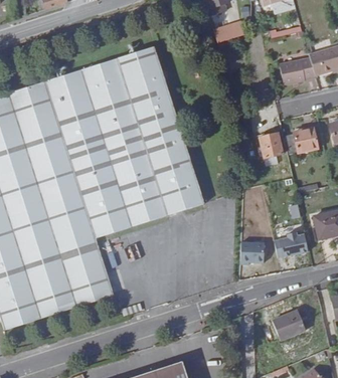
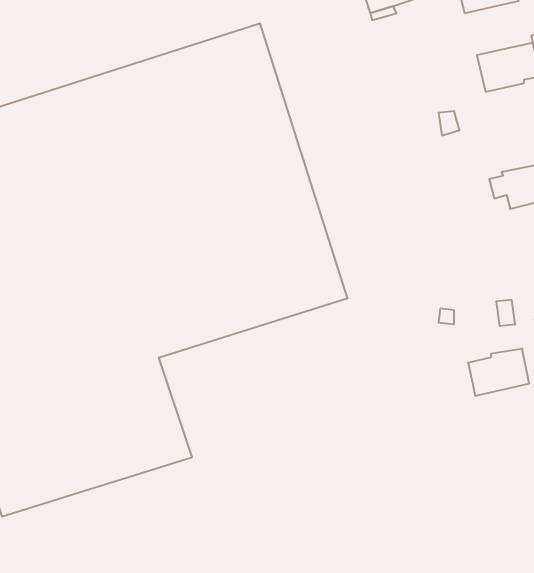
building: [260,133,282,158] -> none
building: [240,241,265,265] -> none
building: [273,308,305,338] -> none

